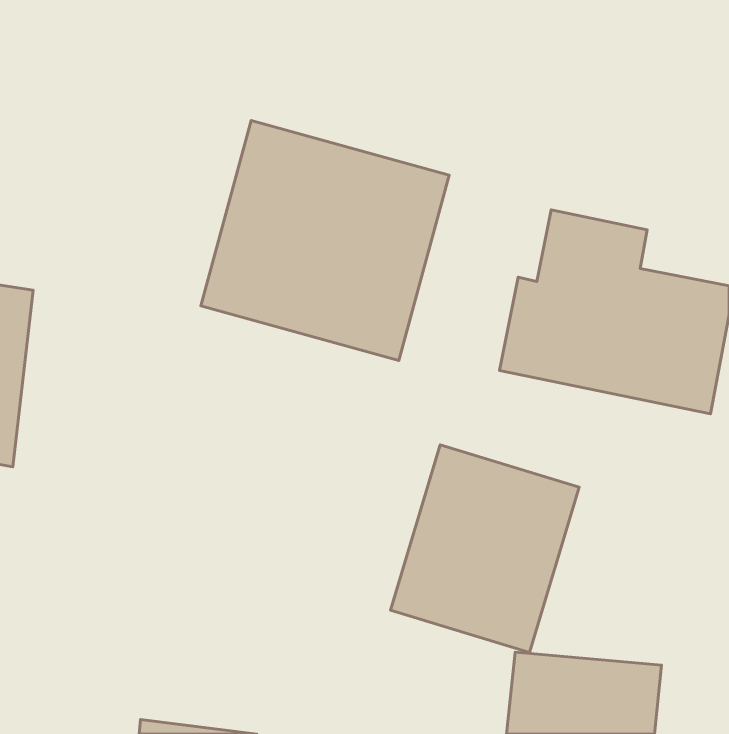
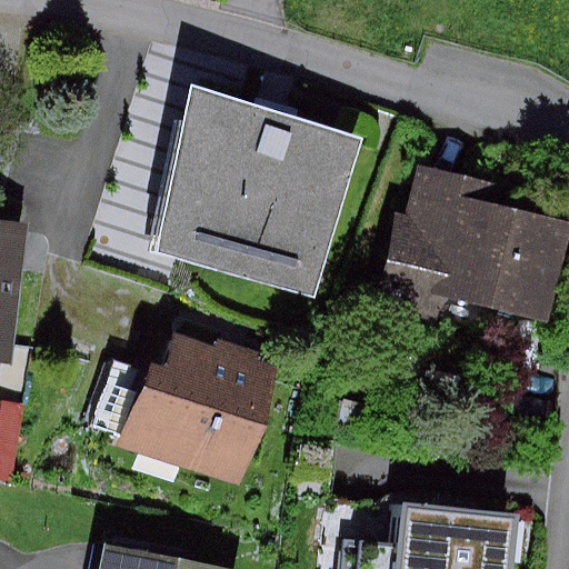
building: none -> [129,331,279,480]
building: [391,445,579,652] -> none

